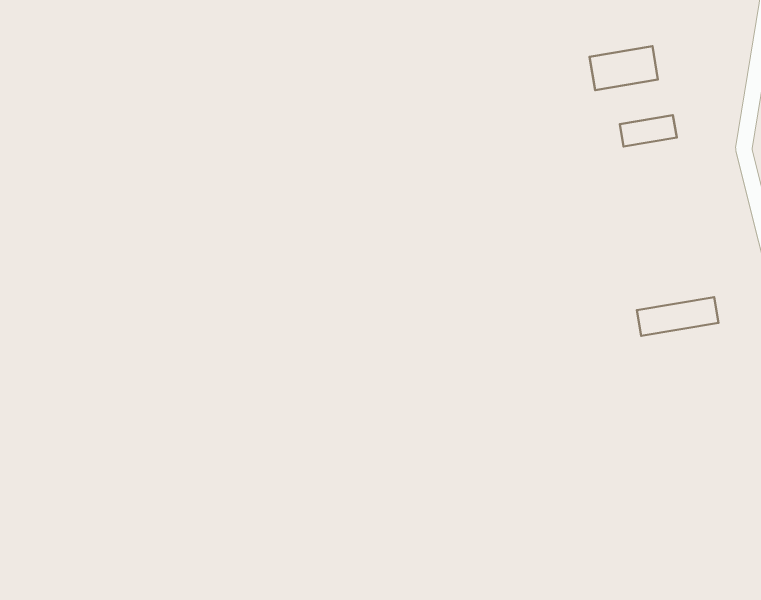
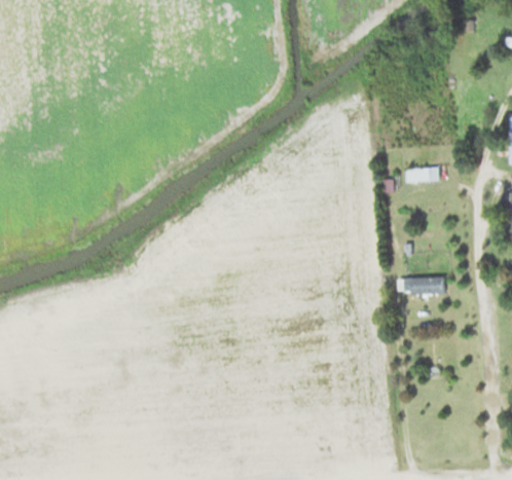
building: [589,46,658,90] -> none

